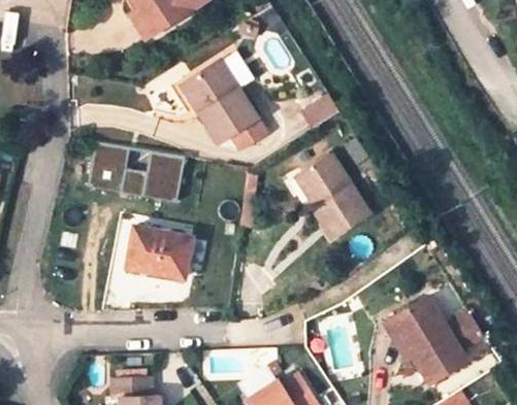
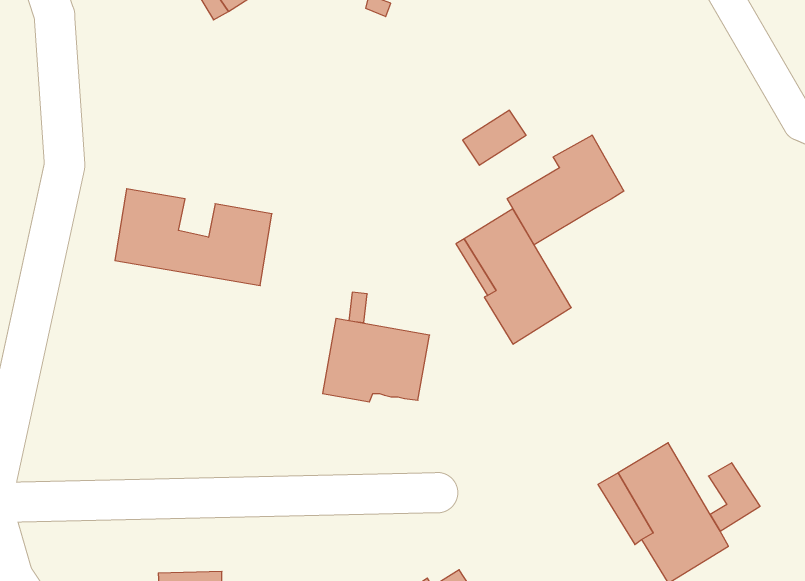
building: [187,60,265,145] -> none
building: none -> [507,135,624,245]
building: [125,225,191,276] -> [323,318,430,402]

